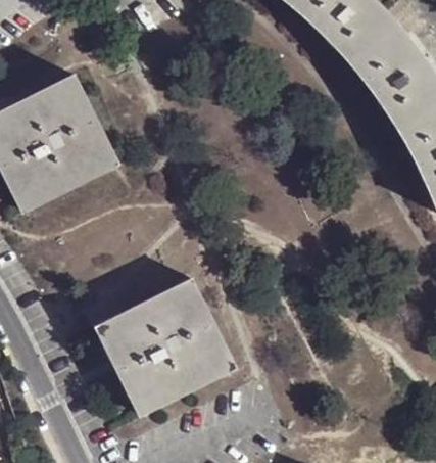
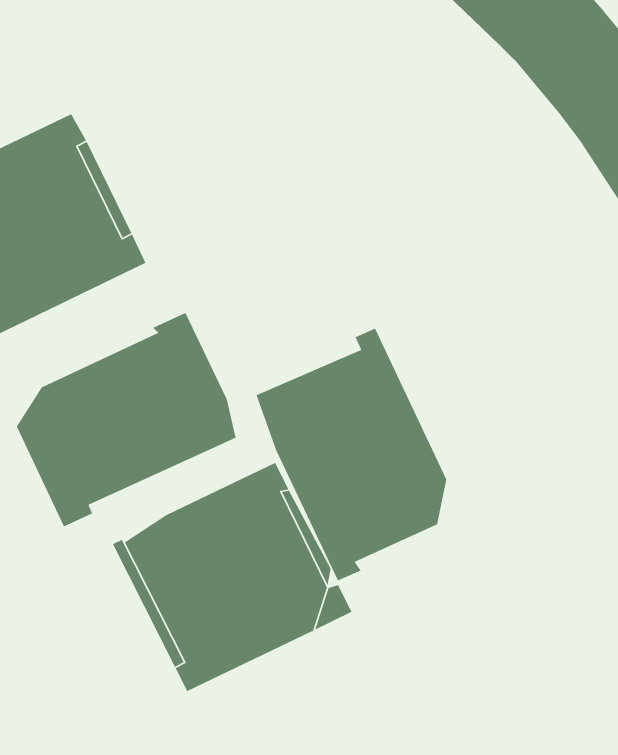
building: none -> [16,312,237,527]
building: none -> [255,327,447,581]

